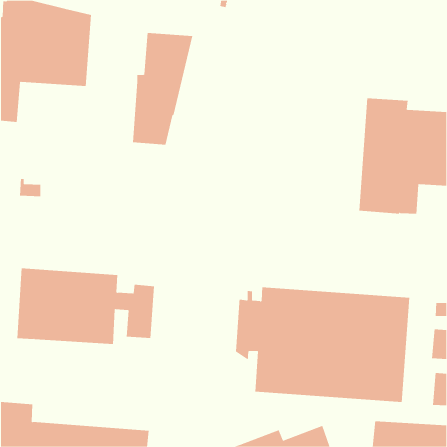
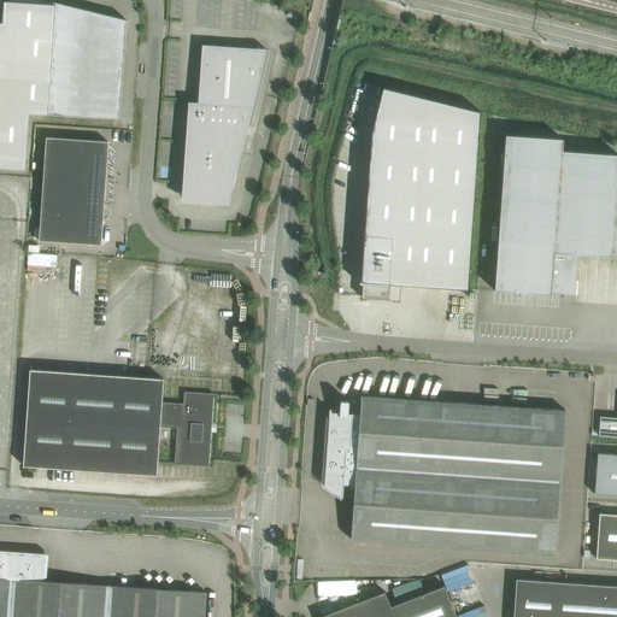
building: none -> [359,87,481,299]
building: none -> [39,137,108,245]

